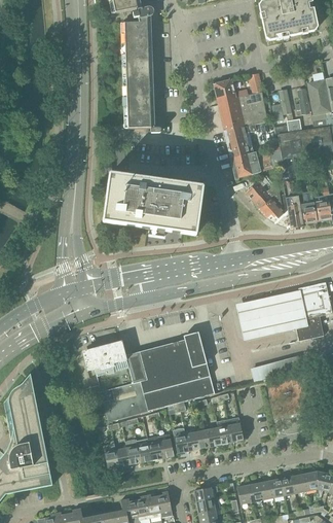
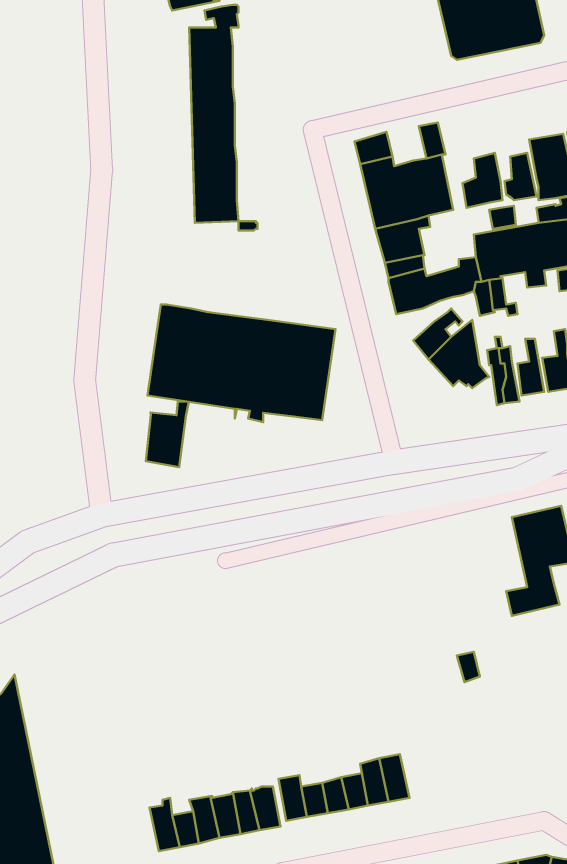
building: none -> [146,401,189,467]
building: [234,287,307,339] -> none
building: [82,332,215,421] -> none

